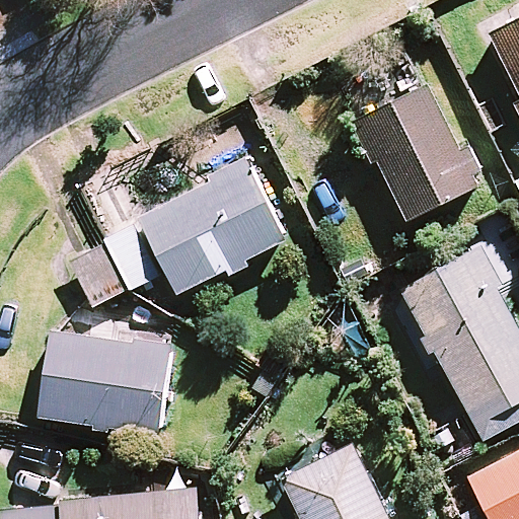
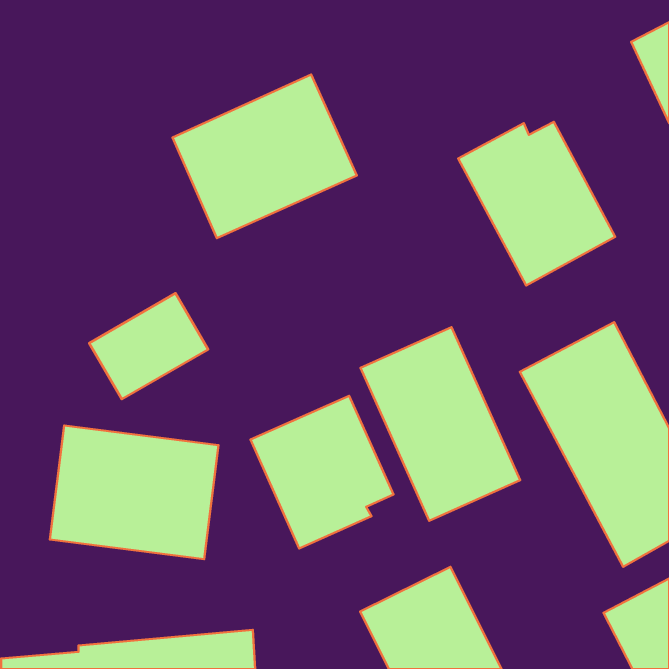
building: [142,166,285,293] -> [172,75,357,238]
building: none -> [360,327,520,521]
building: none -> [250,396,394,548]

